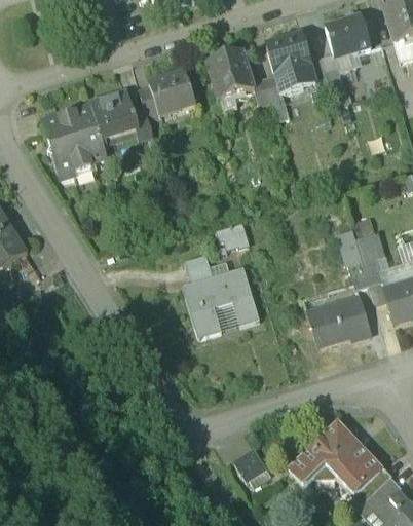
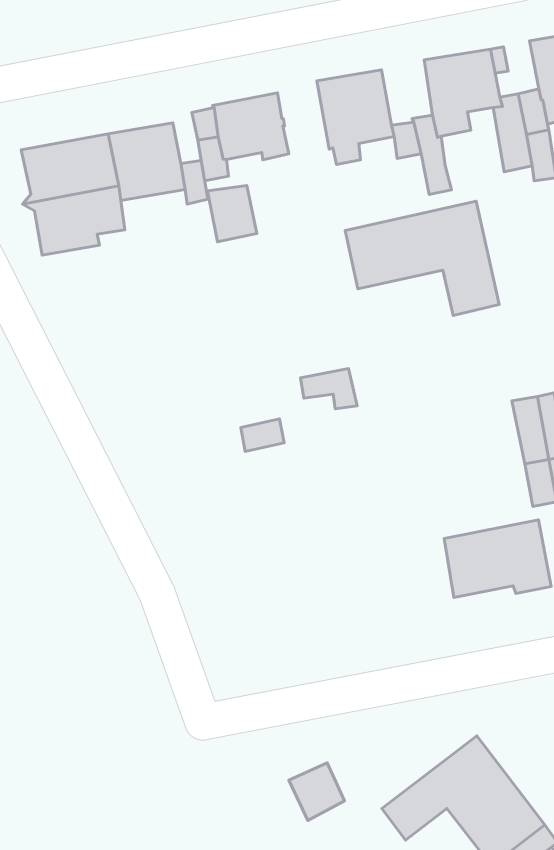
building: none -> [345,201,499,315]
building: none -> [208,185,257,242]
building: [182,267,260,335] -> none

